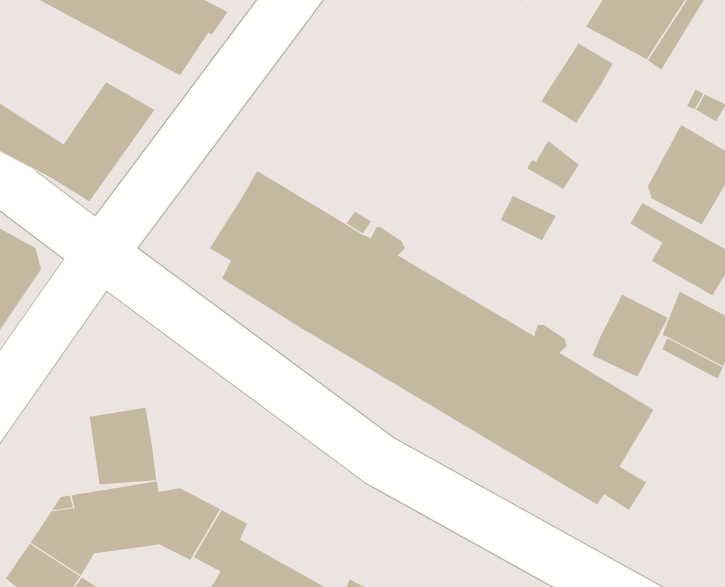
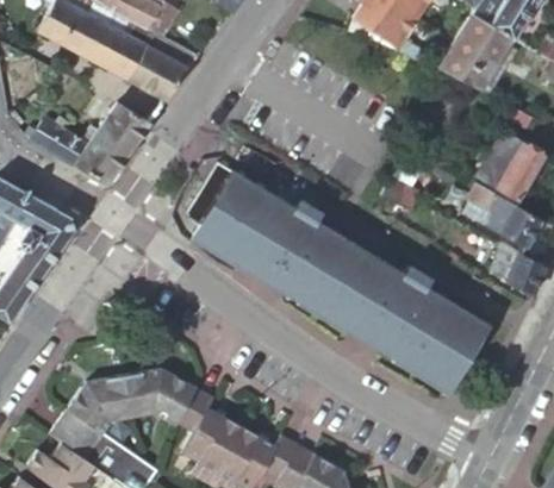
building: [541,42,613,124] -> none
building: [592,294,669,378] -> none
building: [89,407,157,485] -> none

